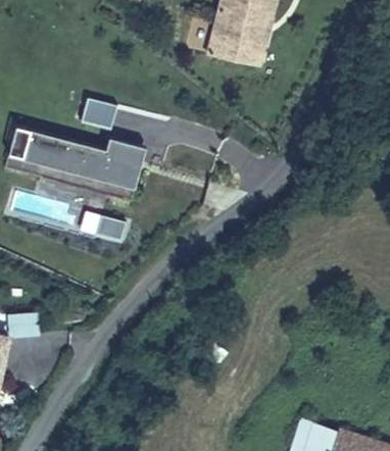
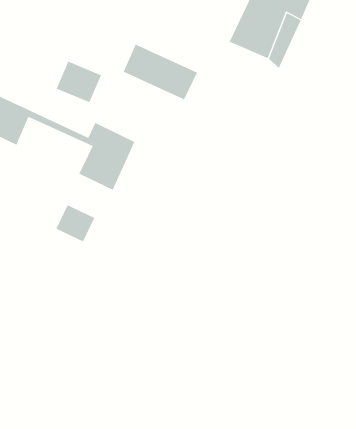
building: [49,142,111,184] -> [123,44,198,100]

